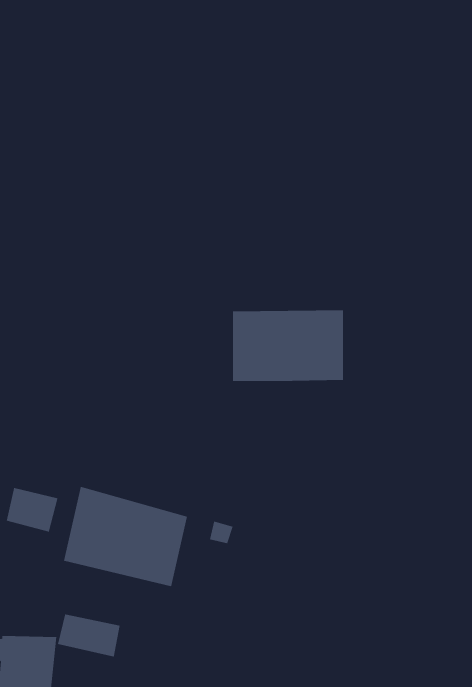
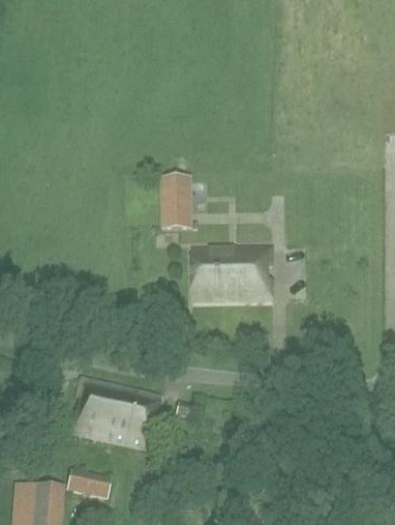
building: none -> [160,174,191,228]
building: [6,487,58,532] -> none

